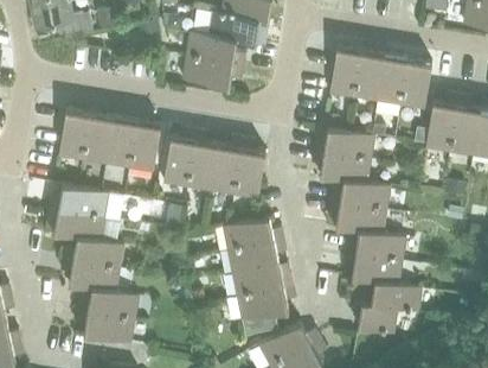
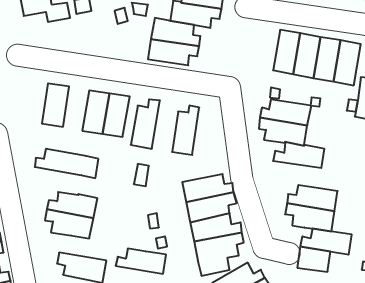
building: [82,113,113,165] -> none
building: [186,129,217,190] -> none
building: [233,138,264,197] -> none
building: [327,201,385,233] -> none
building: [45,208,103,241] -> none
building: [77,288,136,318] -> [116,249,166,274]

